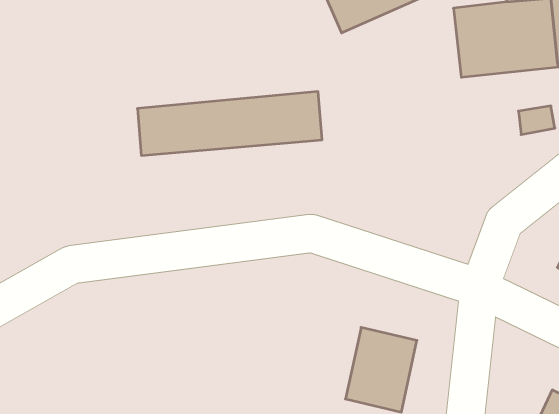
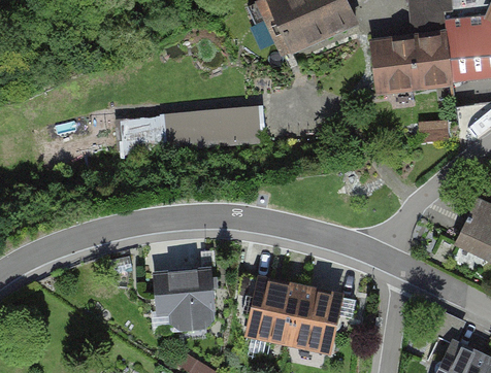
building: none -> [149,264,217,336]
building: none -> [239,282,297,349]

